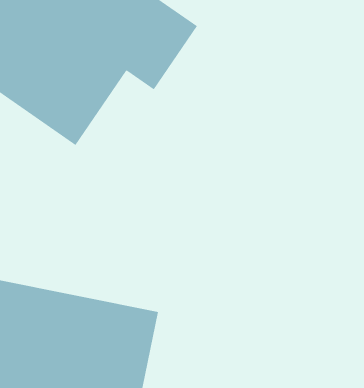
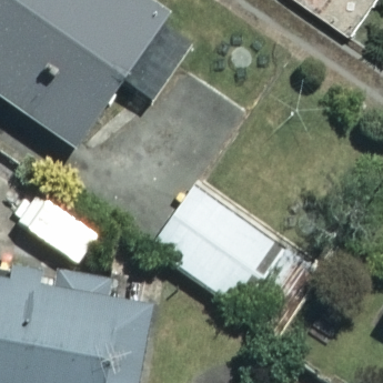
building: none -> [152,184,276,302]

